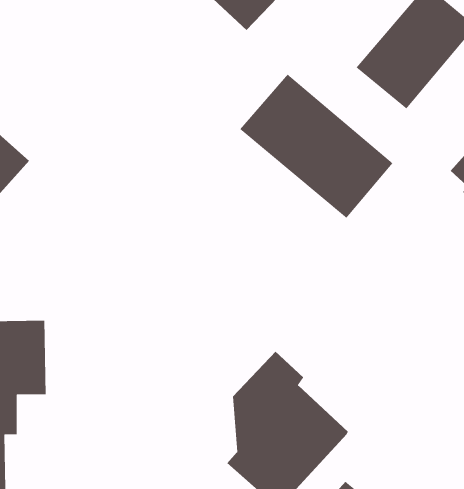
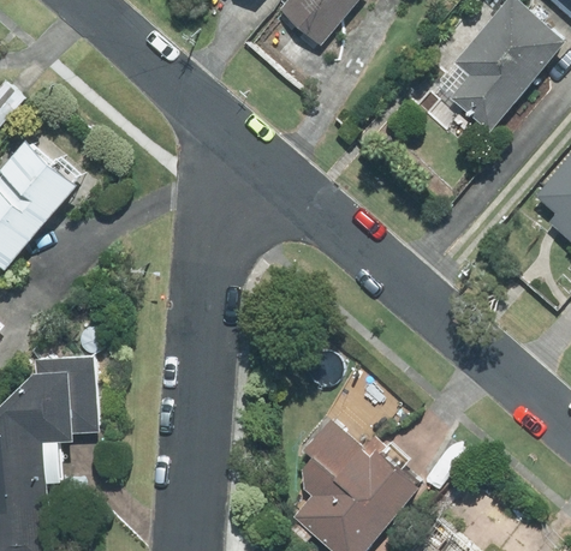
building: [239,73,393,219] -> none

